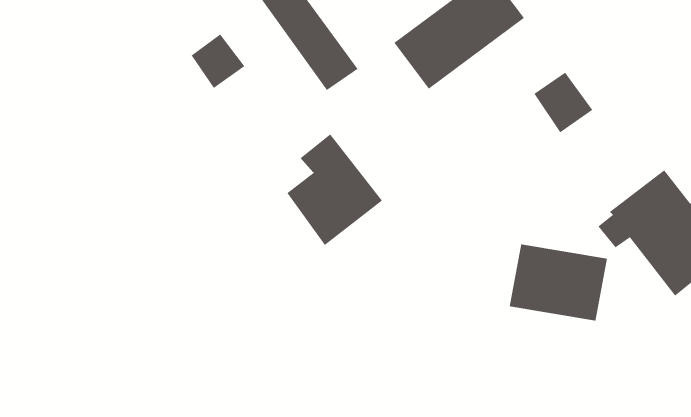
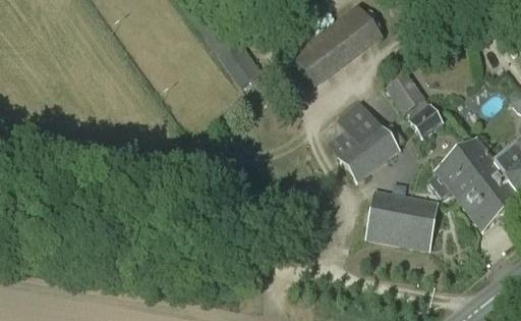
building: [191,33,245,89] -> none
building: none -> [410,105,445,140]
building: [287,133,383,246] -> [331,103,398,181]

